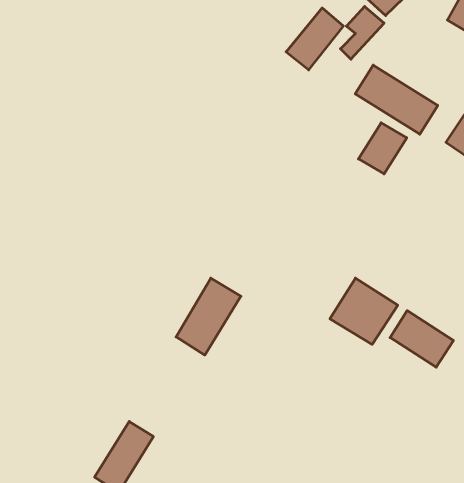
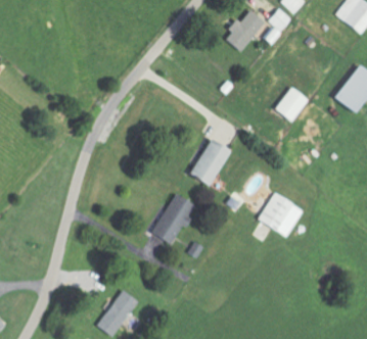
building: [355,65,438,134] -> none
building: none -> [191,138,231,186]
building: [390,311,453,367] -> none

